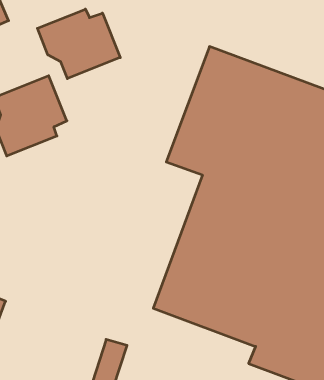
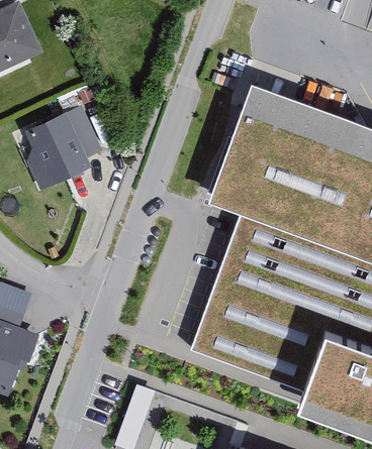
building: [37,9,120,79] -> none

